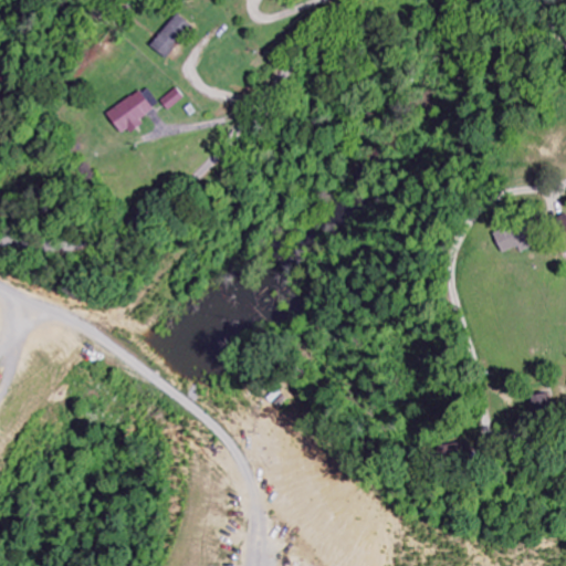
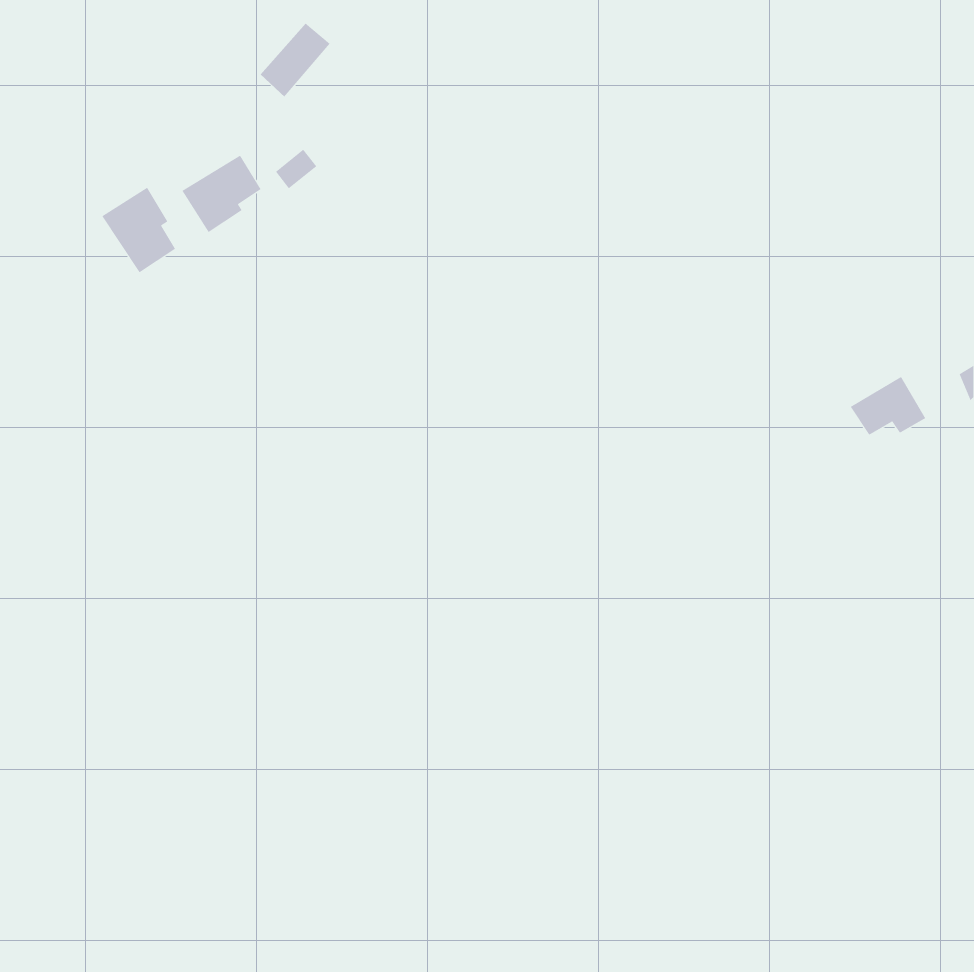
building: none -> [102,187,176,273]

